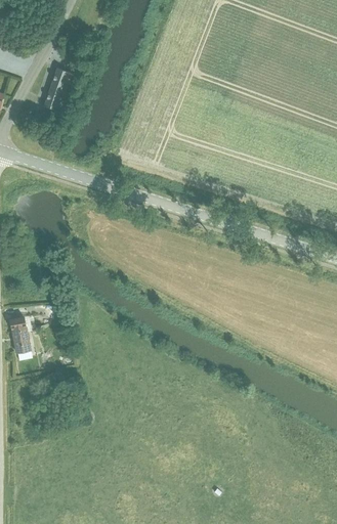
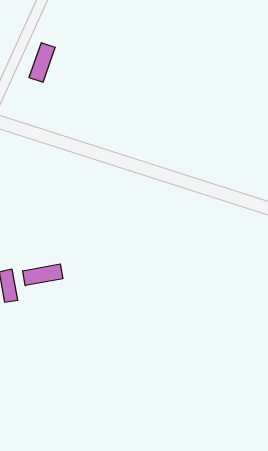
building: none -> [23,264,63,286]

